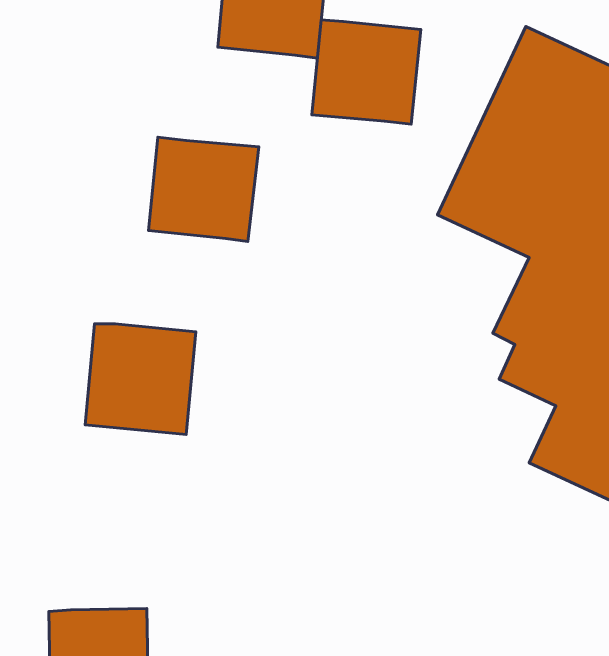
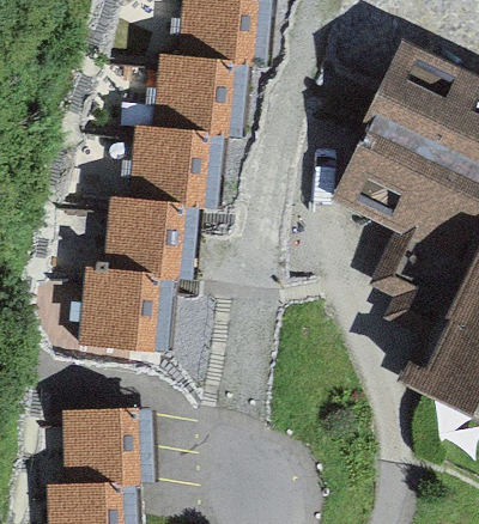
building: [312,20,421,124] -> [154,59,237,138]
building: none -> [101,197,184,276]
building: none -> [66,410,141,486]

